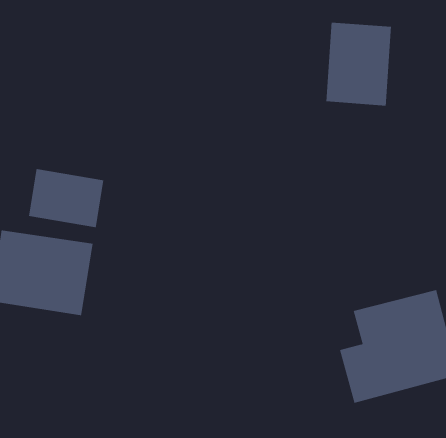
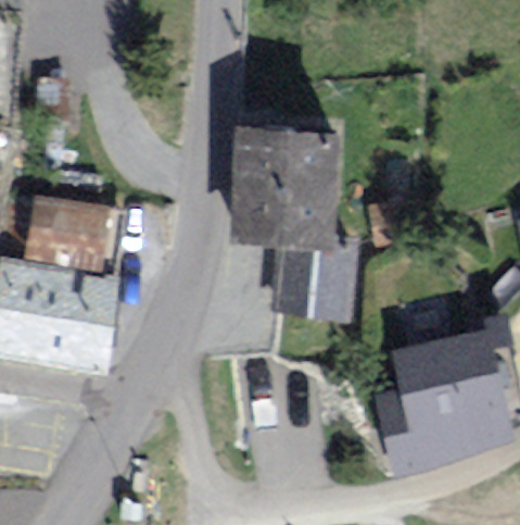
building: [326,22,392,106] -> none
building: none -> [240,132,348,308]

